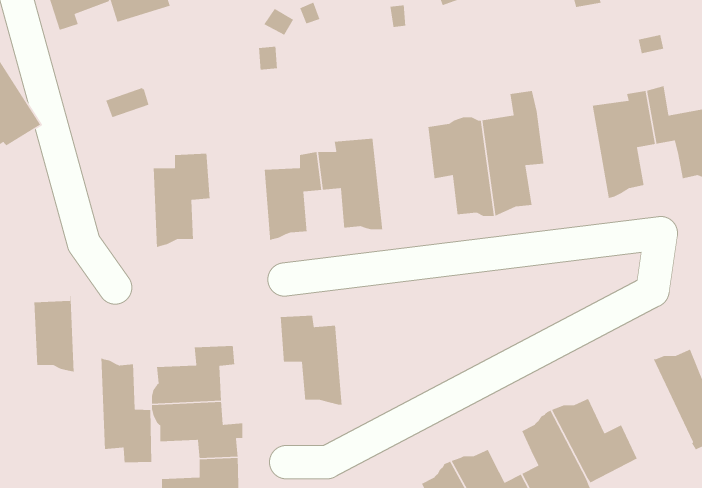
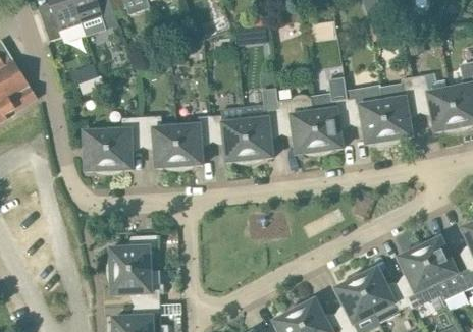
building: none -> [346,84,389,144]
building: none -> [244,88,281,163]
building: [33,292,74,372] -> [84,124,109,174]
building: [280,315,342,405] -> [141,114,179,170]
building: [100,357,152,463] -> none
building: none -> [398,242,441,309]

